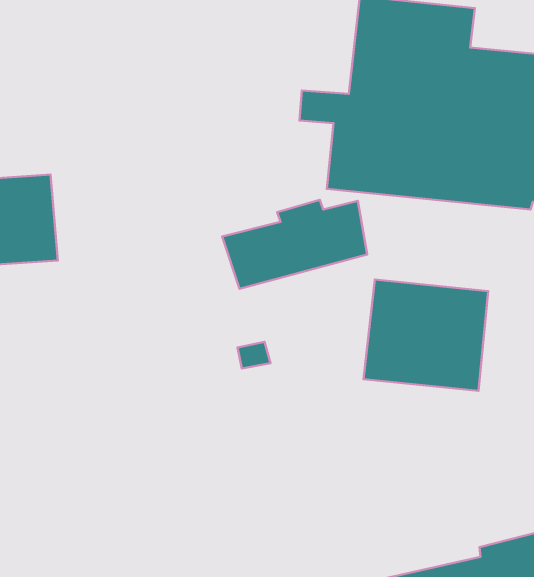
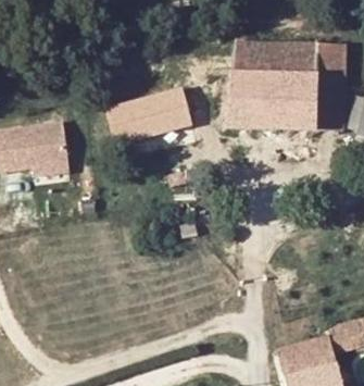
building: [222,200,367,289] -> [108,90,191,146]
building: [364,279,488,391] -> none

